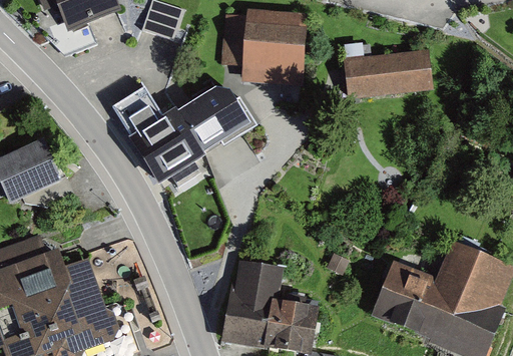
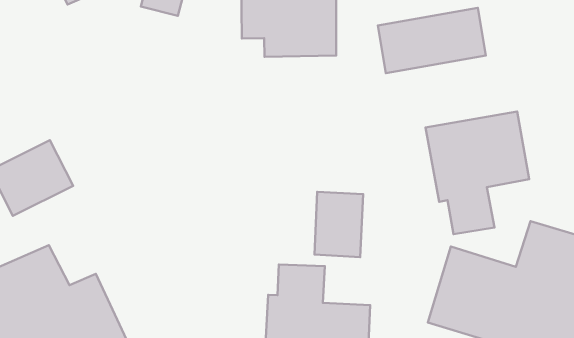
building: [109,88,247,190] -> none
building: none -> [426,112,529,234]
building: none -> [314,192,363,257]

